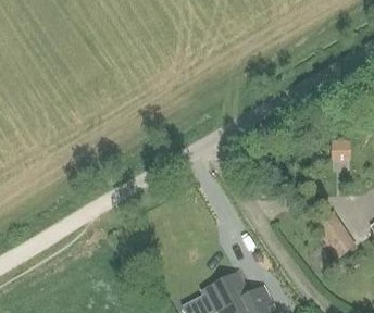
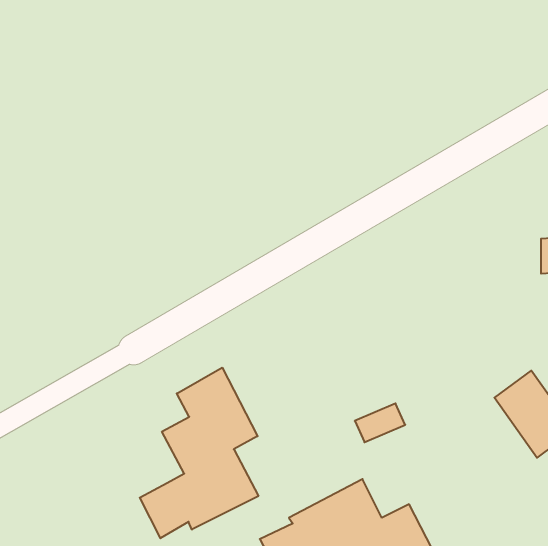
building: none -> [140,368,258,538]

